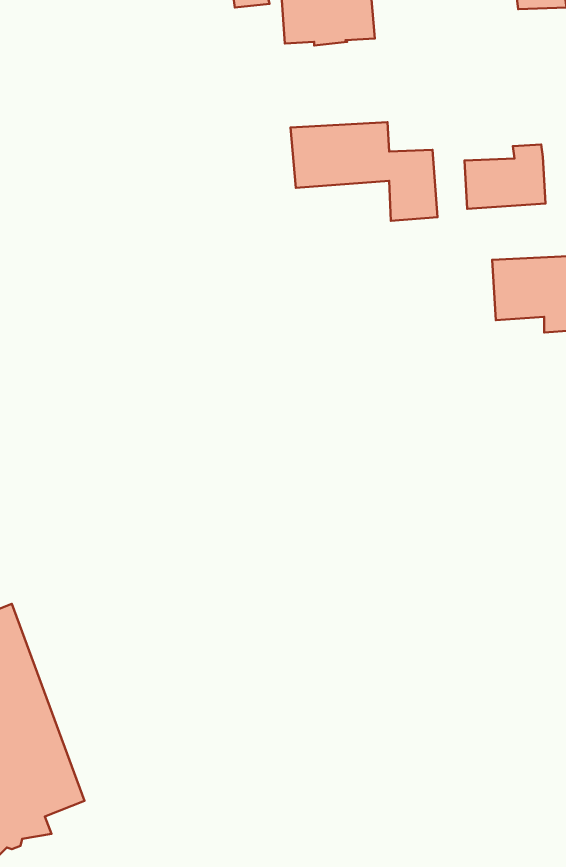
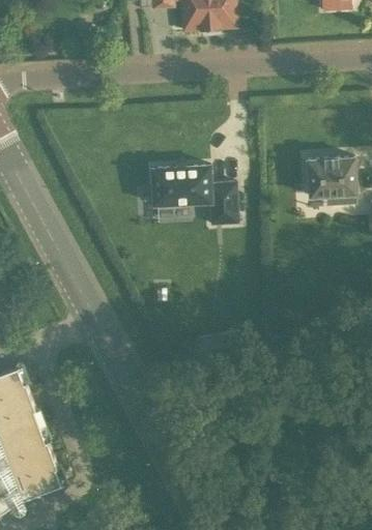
building: [291,122,438,221] -> [152,167,240,226]
building: [464,145,546,209] -> none

